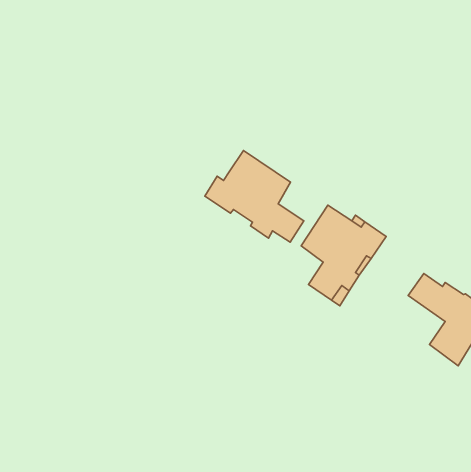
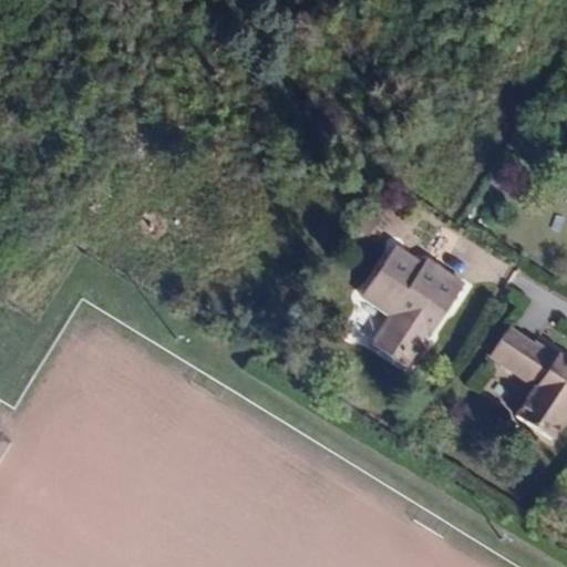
building: [205,151,304,242] -> none

